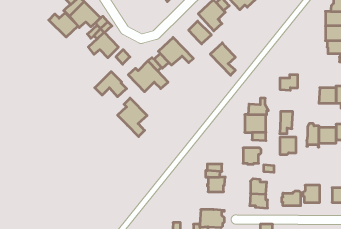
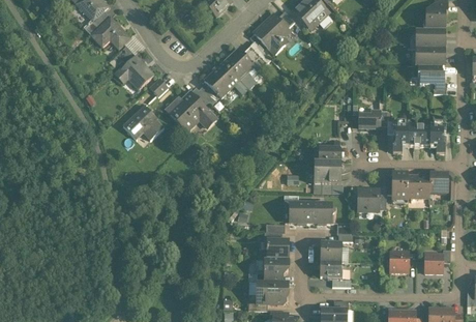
building: [49,13,78,37] -> none
building: [210,43,235,75] -> [222,48,255,89]
building: [118,98,147,137] -> none
building: [280,112,293,134] -> [392,124,409,152]
building: none -> [286,203,311,224]
building: [282,191,301,206] -> none
building: none -> [258,259,288,282]

